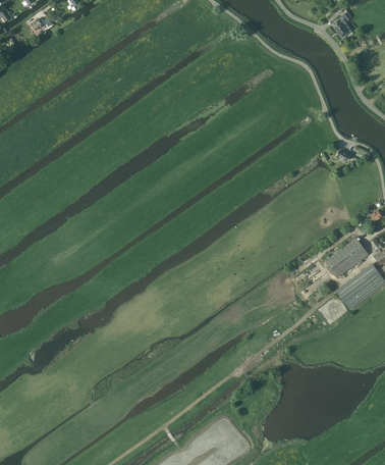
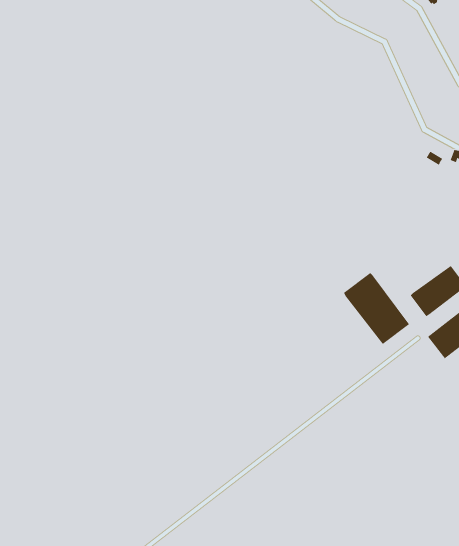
building: none -> [343,272,410,345]

